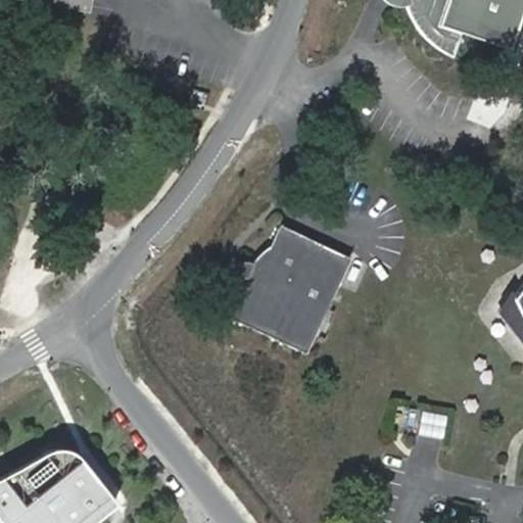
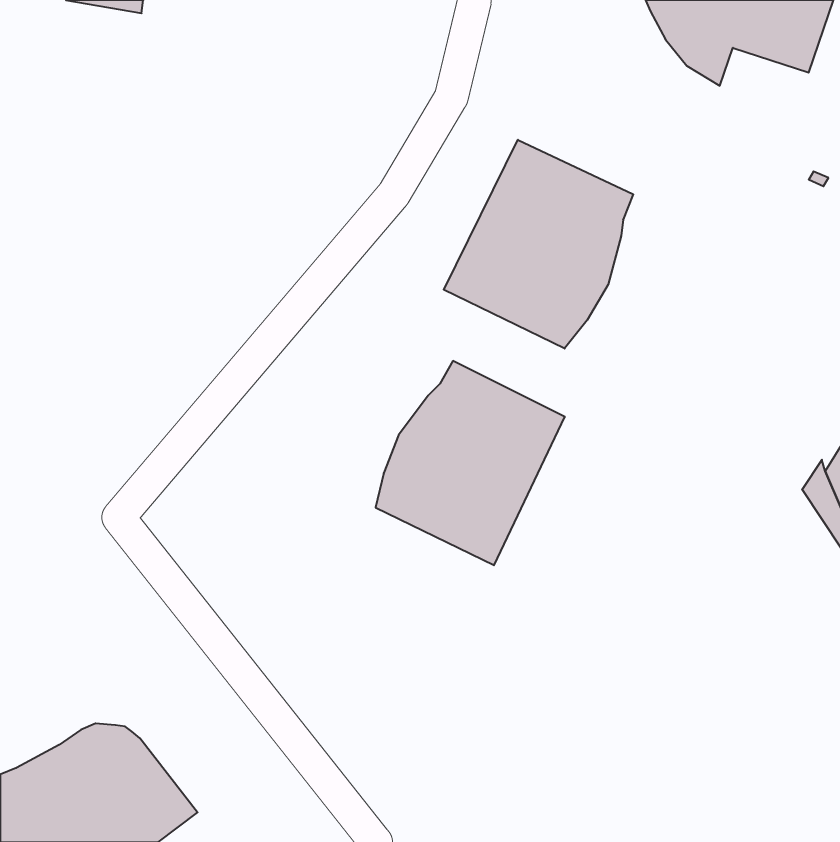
building: none -> [444,140,633,349]

